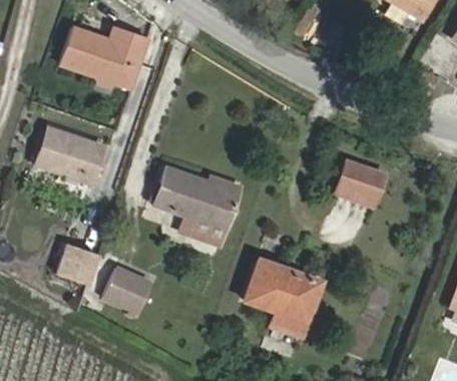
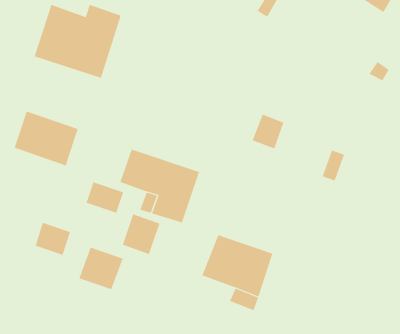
building: [338,159,372,197] -> [252,114,284,149]
building: none -> [86,181,124,214]
building: none -> [122,213,160,255]

